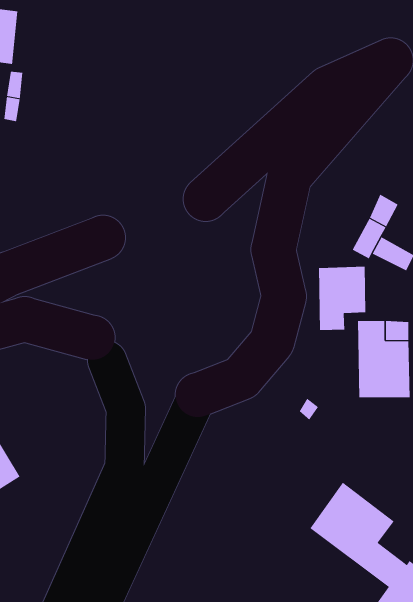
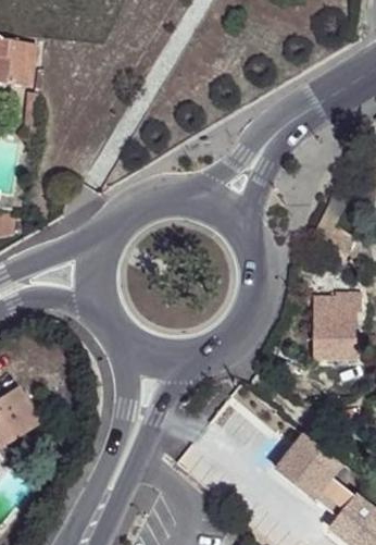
building: [319,266,366,331] -> none

